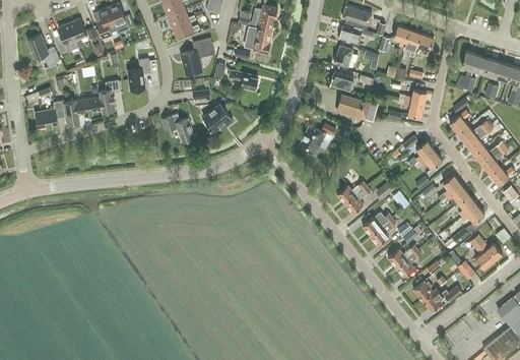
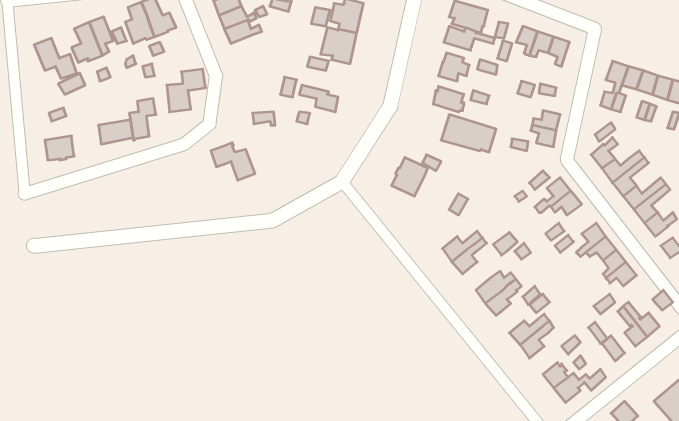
building: [181,39,215,75] -> none
building: [54,101,79,123] -> none
building: [203,105,233,131] -> none

